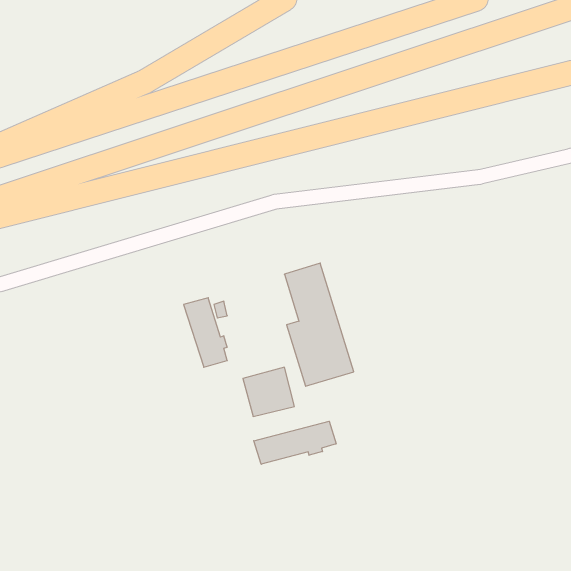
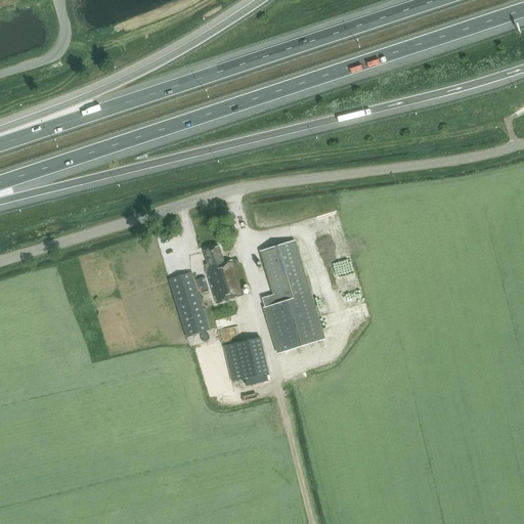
building: none -> [204,246,243,302]
building: [254,421,336,464] -> none

